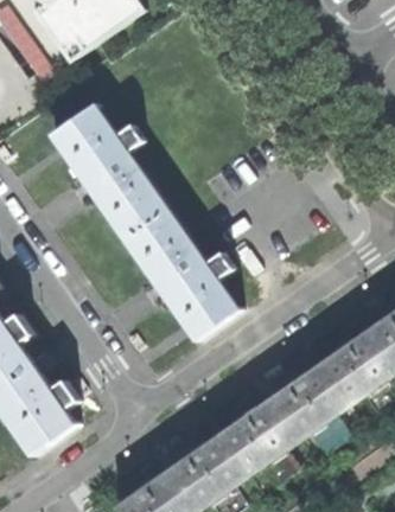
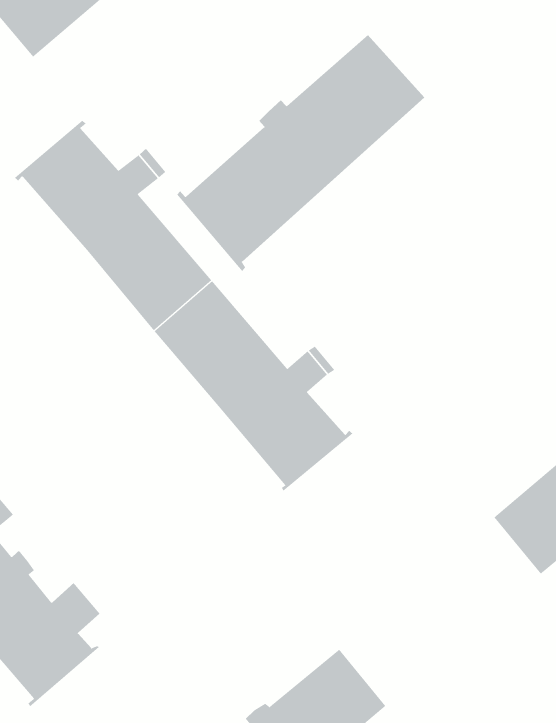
building: none -> [177,34,425,272]
building: [218,366,343,473] -> none

